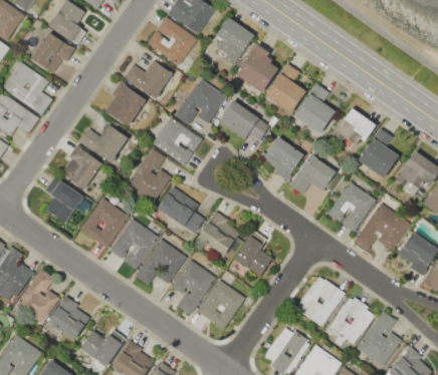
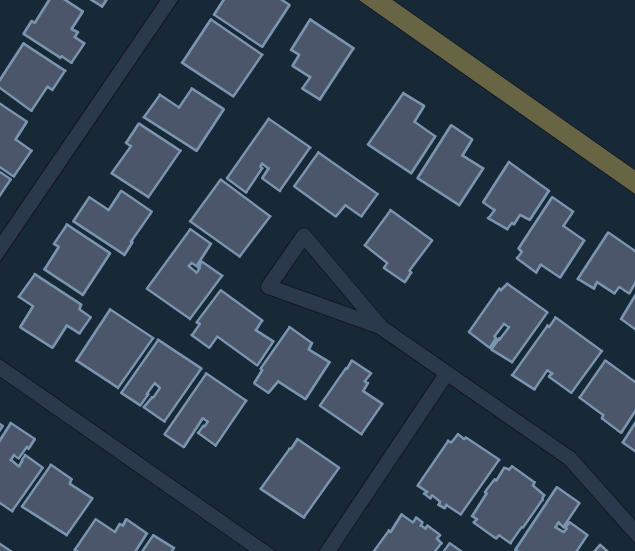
building: [234,42,278,93] -> none
building: [289,153,337,195] -> none
building: [171,260,215,316] -> none

